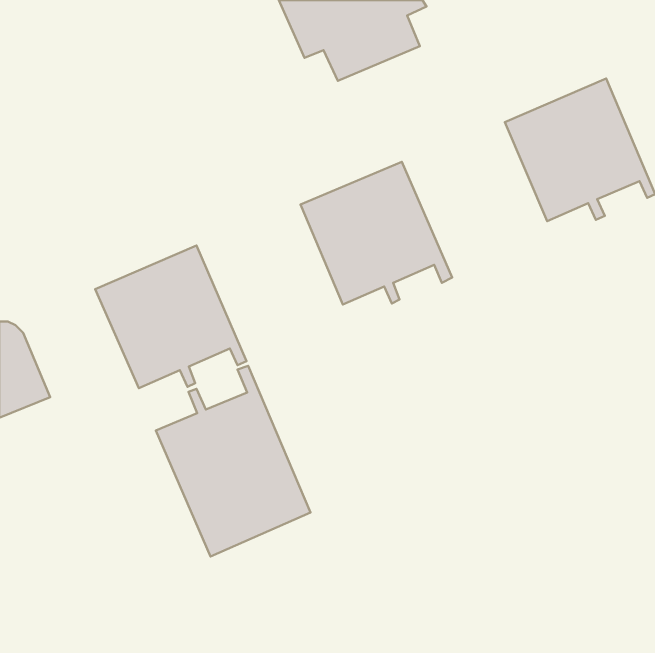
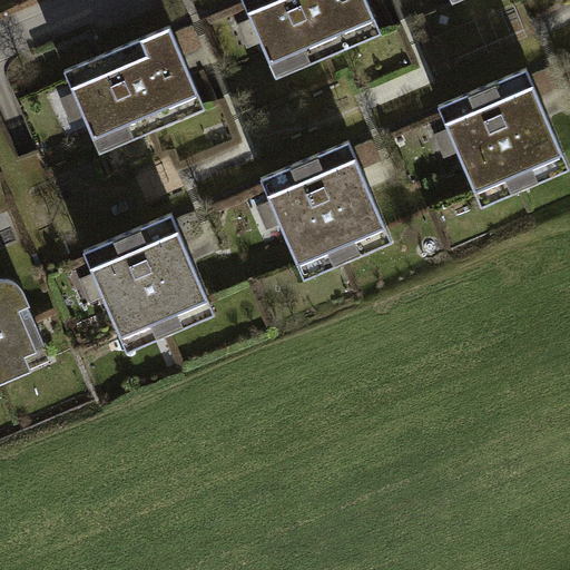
building: none -> [63,28,193,148]
building: [156,366,310,556] -> none

